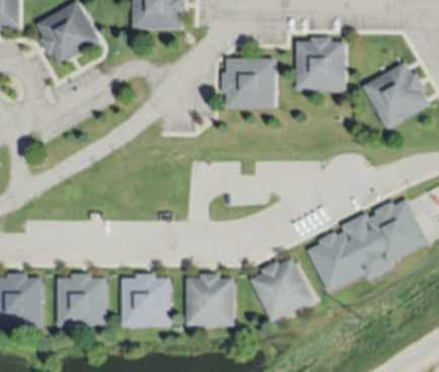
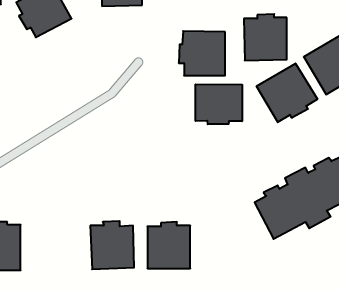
building: none -> [257,63,317,122]
building: none -> [196,84,242,124]
building: [249,257,314,323] -> none
building: [58,273,105,326] -> none

